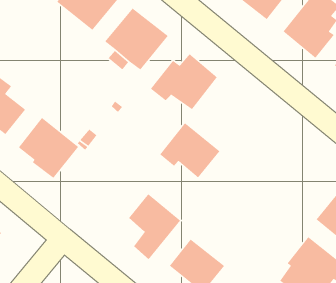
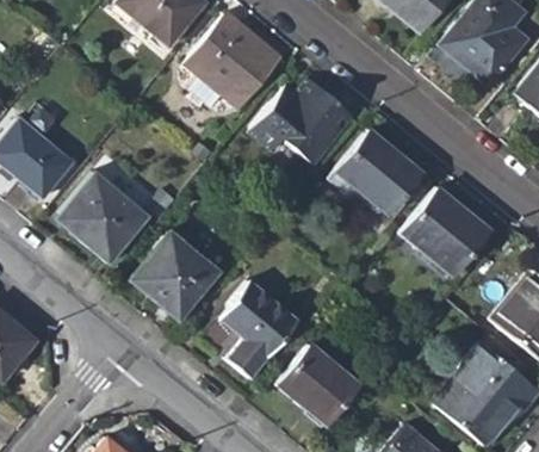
building: [159,122,221,178] -> [330,131,419,212]
building: none -> [402,188,488,274]
building: none -> [136,230,221,318]

